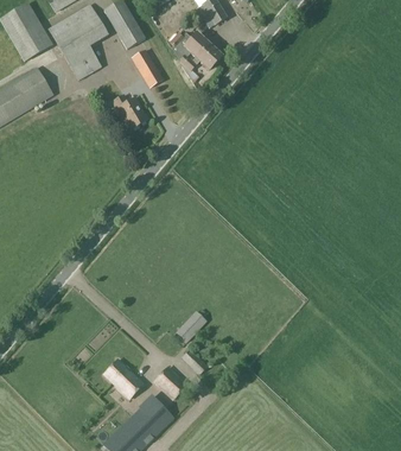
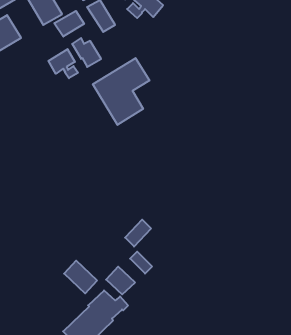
building: none -> [54,11,84,37]
building: none -> [48,49,78,78]
building: none -> [93,58,149,125]

